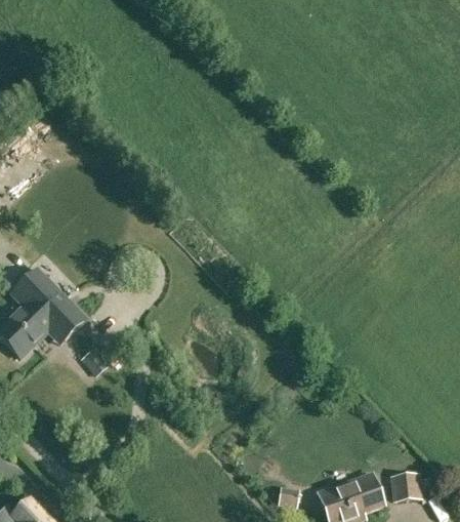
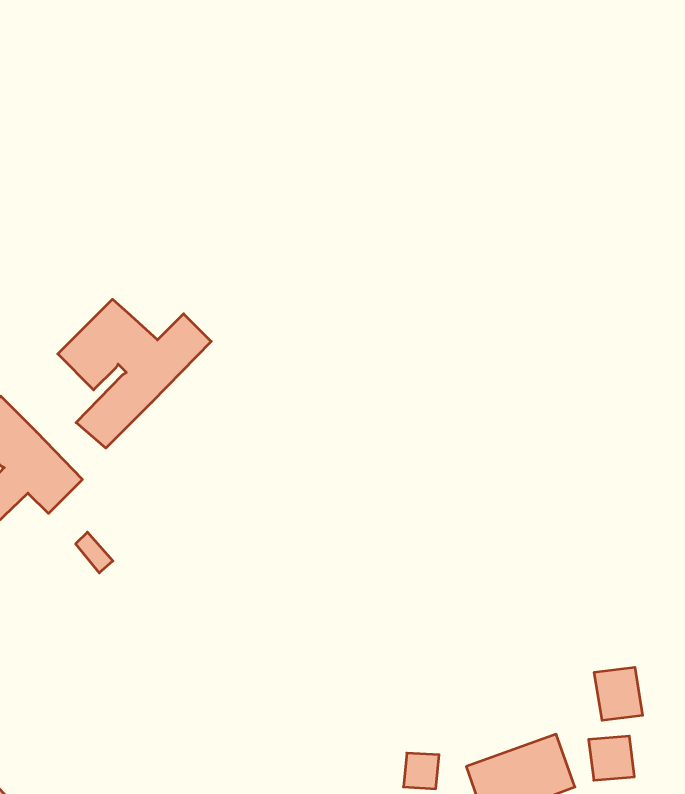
building: none -> [58,299,211,448]
building: none -> [594,667,643,720]

